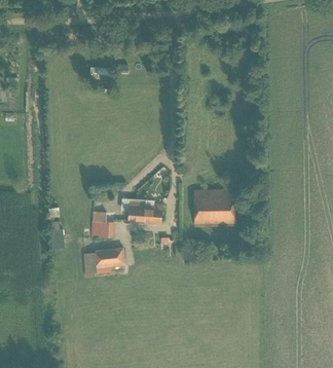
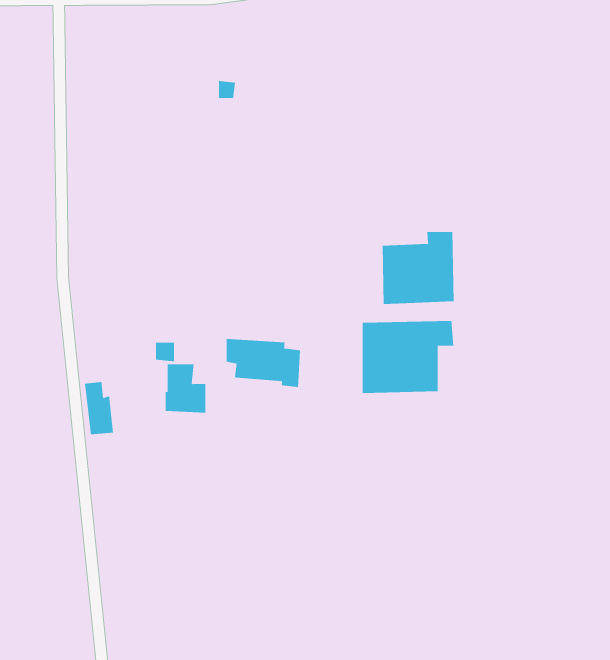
building: none -> [382,231,454,305]
building: [84,247,125,277] -> none

